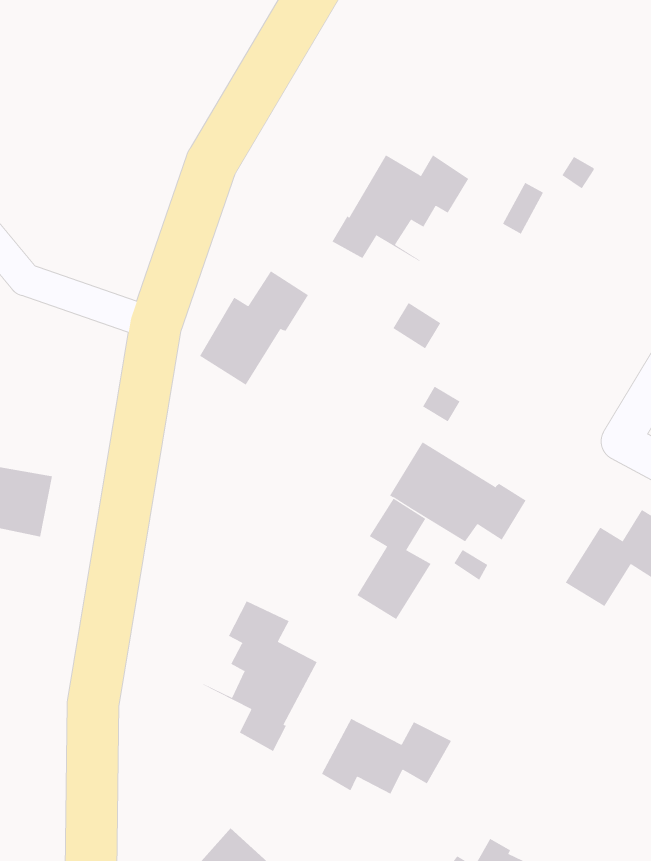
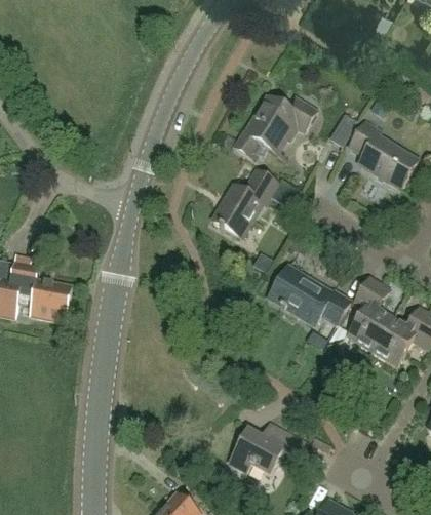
building: none -> [348,119,417,189]
building: [199,271,309,385] -> [213,169,278,237]
building: [357,498,431,620] -> [349,277,393,349]
building: [202,601,318,752] -> none

